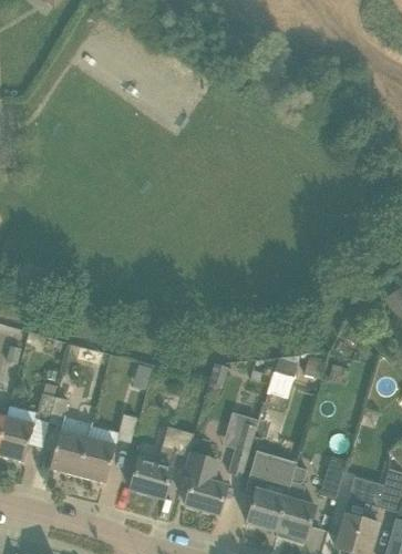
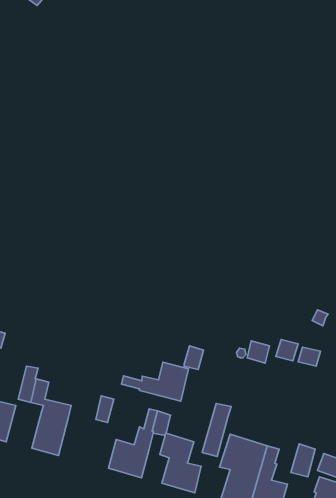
building: none -> [121,362,189,401]
building: [79,437,115,482] -> none

